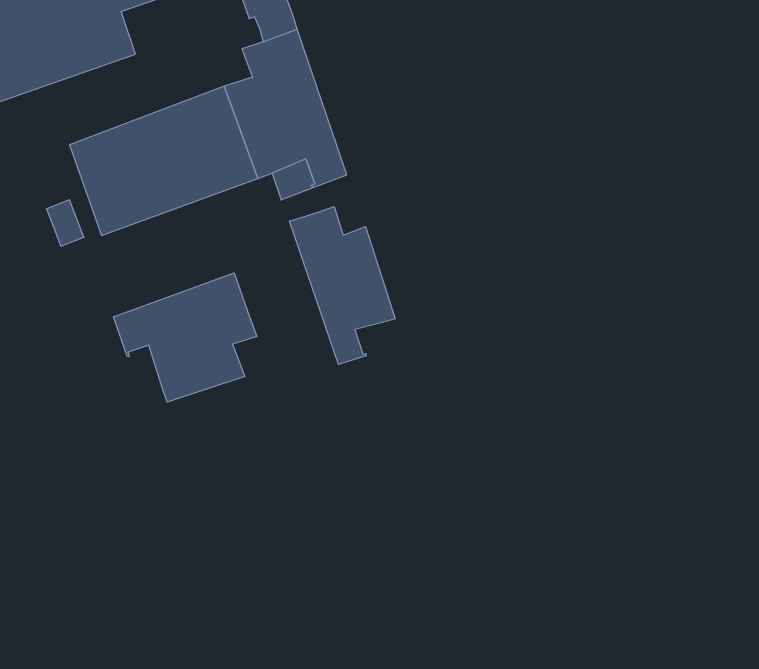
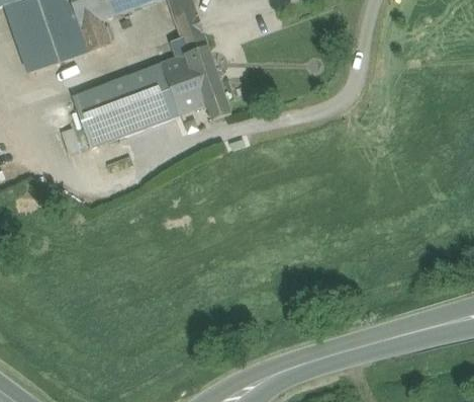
building: [289,207,395,364] -> none
building: [114,273,257,402] -> none

